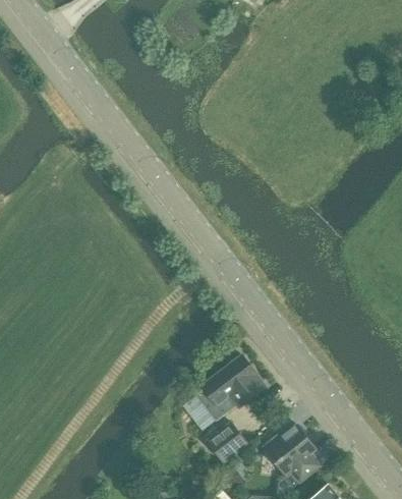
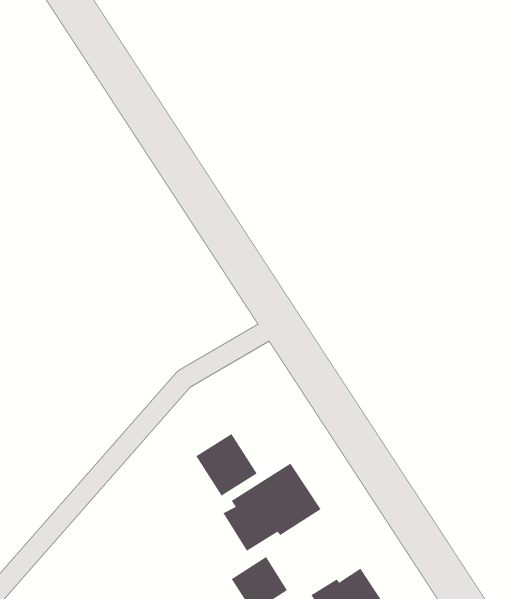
building: none -> [196,433,257,497]

